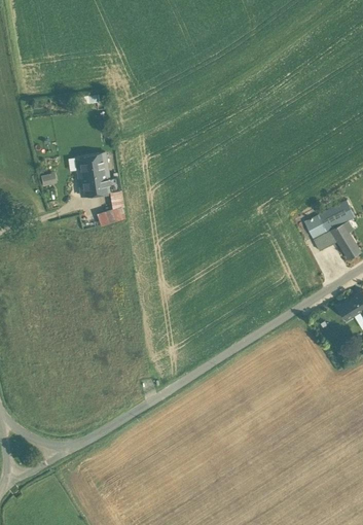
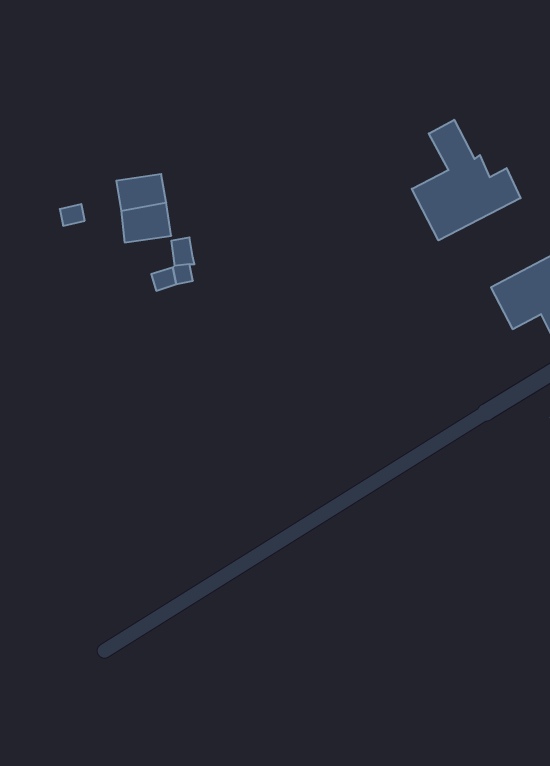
building: none -> [412,120,521,240]

